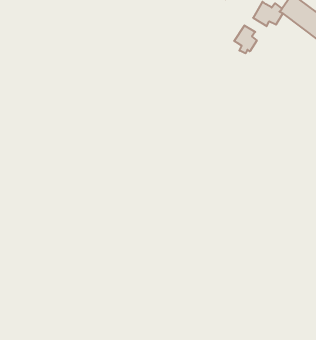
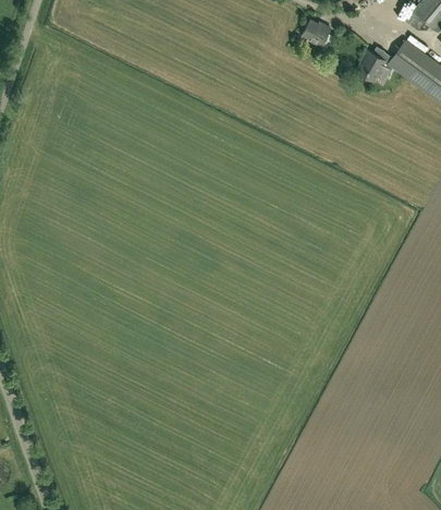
building: [234,25,257,53] -> none

